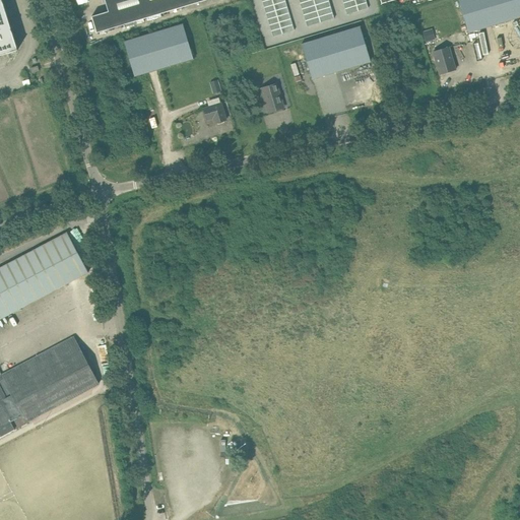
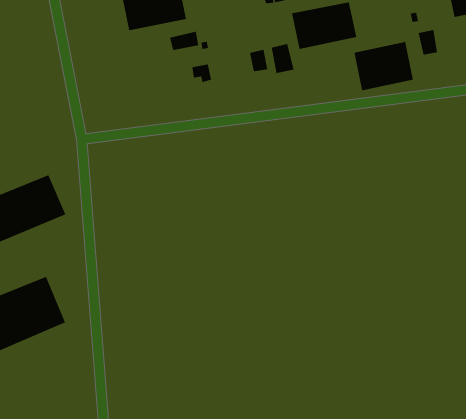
building: none -> [354,41,414,91]
building: none -> [170,31,199,51]
building: none -> [271,43,294,74]

